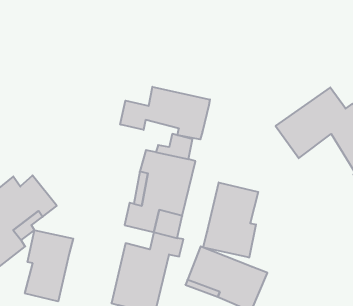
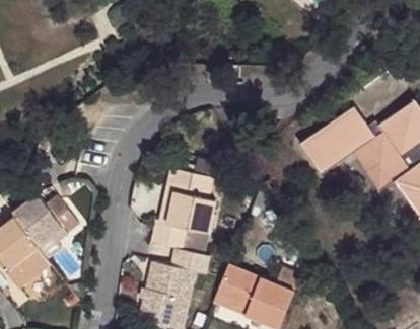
building: [120,87,210,139] -> none
building: [203,182,258,258] -> none
building: [25,230,73,301] -> none

